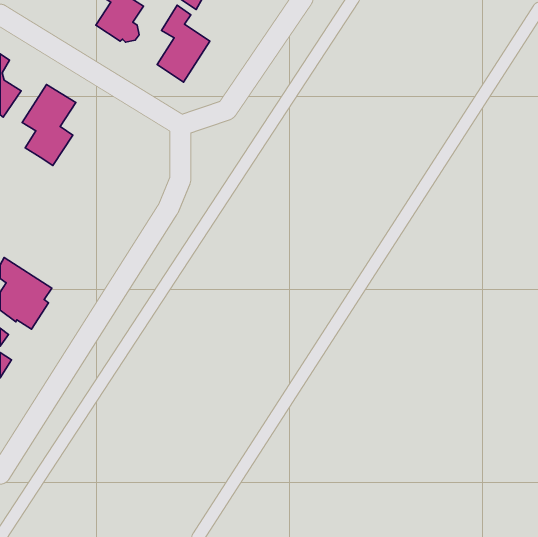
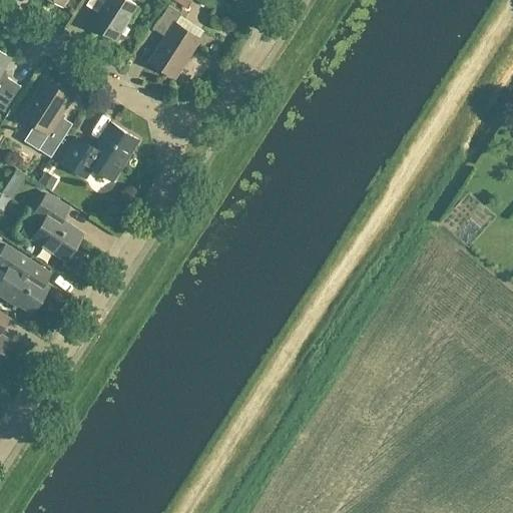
building: none -> [62,122,138,180]
building: none -> [22,193,82,259]

